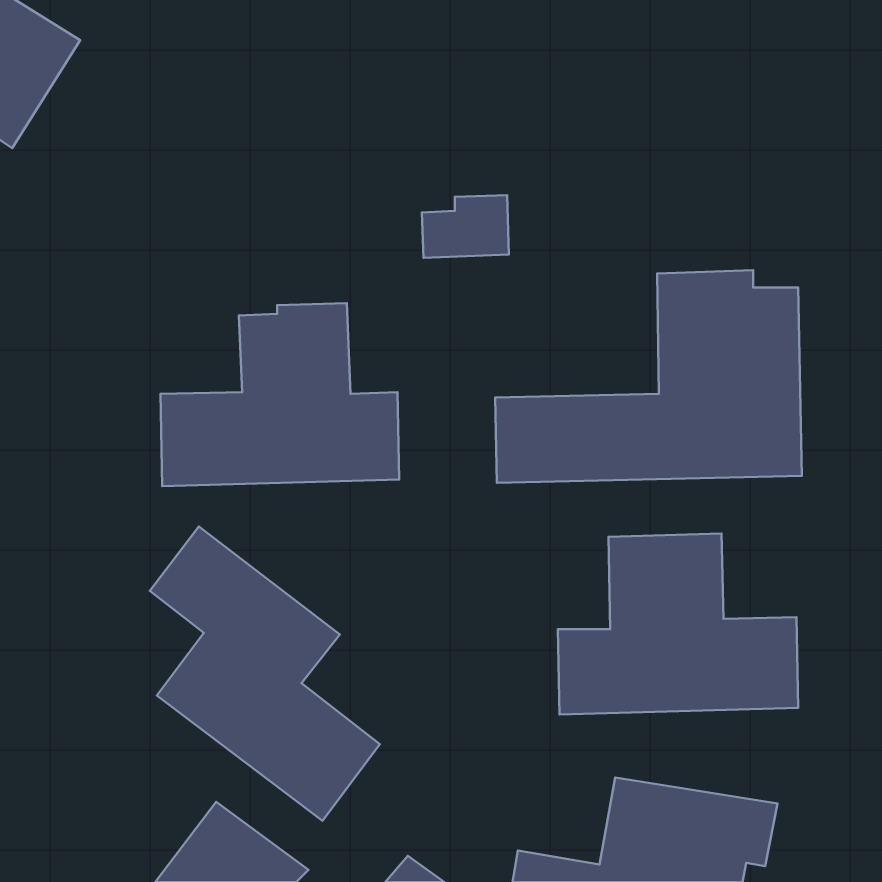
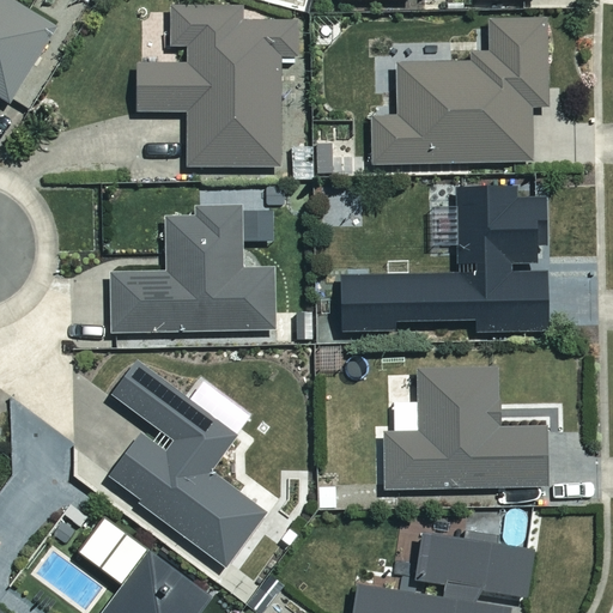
building: none -> [139,6,297,165]
building: none -> [371,18,550,166]

